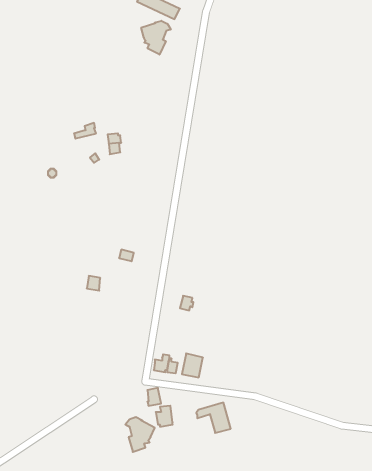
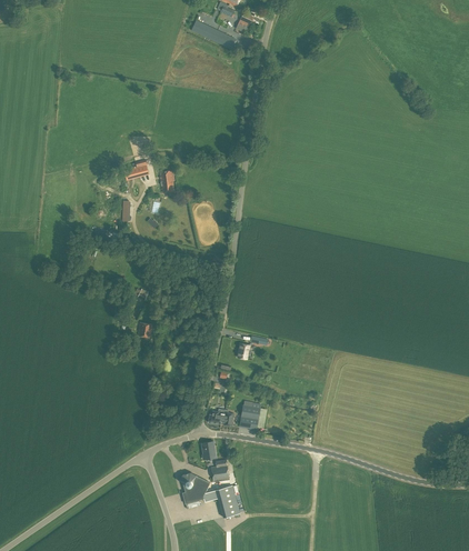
building: [141,21,171,55] -> none
building: [196,403,231,433] -> [203,484,240,517]

